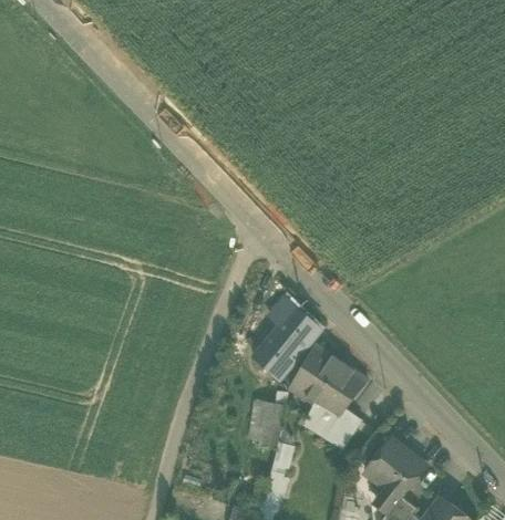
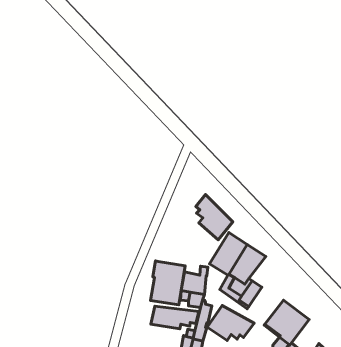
building: [252,332,301,382] -> none
building: none -> [150,261,185,305]
building: none -> [207,305,254,340]
building: none -> [151,306,199,329]

